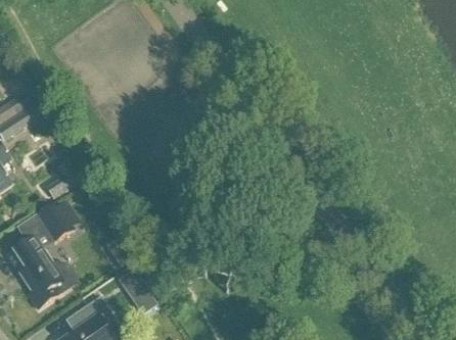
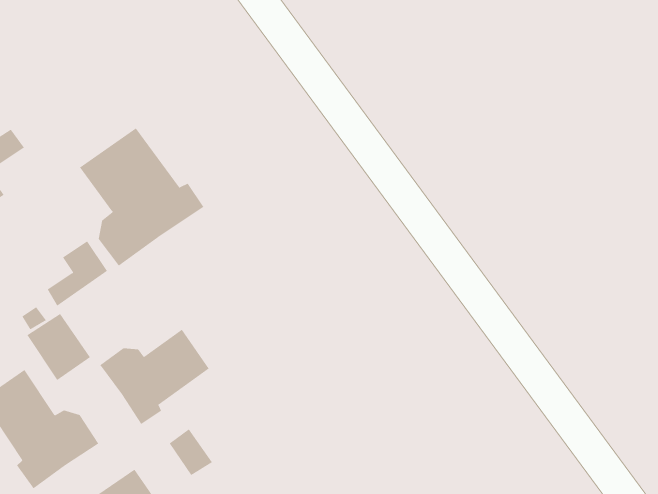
building: none -> [79,128,204,267]
building: none -> [100,329,210,425]

